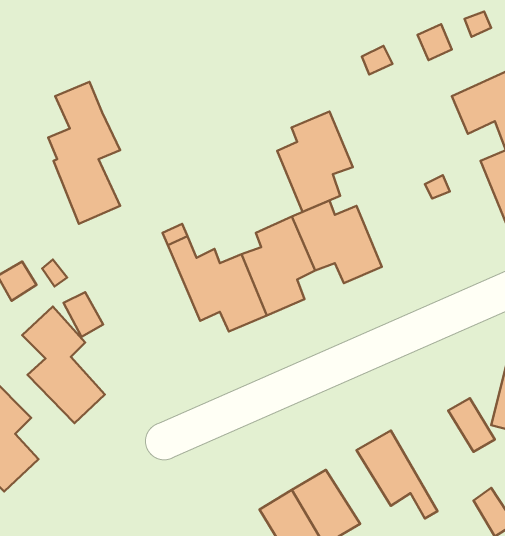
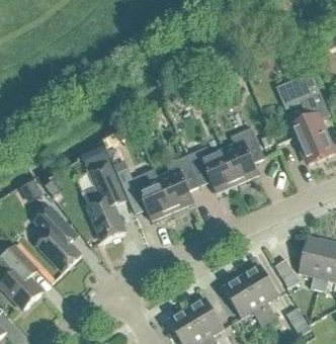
building: [48,82,120,224] -> [84,161,124,241]
building: [277,111,353,212] -> [222,126,264,183]
building: none -> [241,264,278,321]

